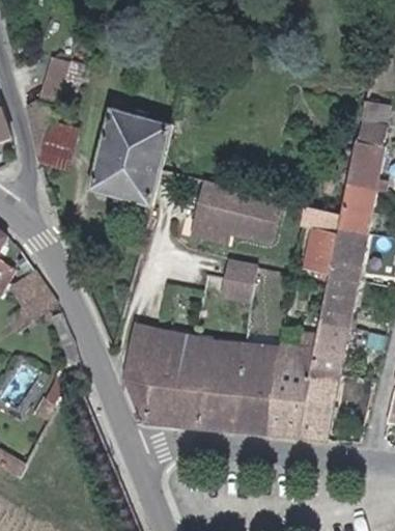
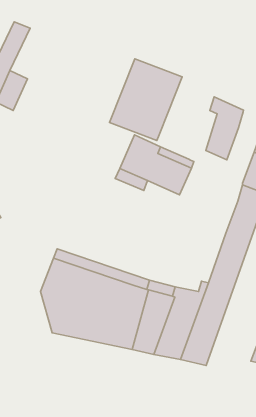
building: [94,109,173,202] -> [110,59,182,141]
building: [302,206,341,279] -> [206,97,243,160]
building: [222,259,257,300] -> none

